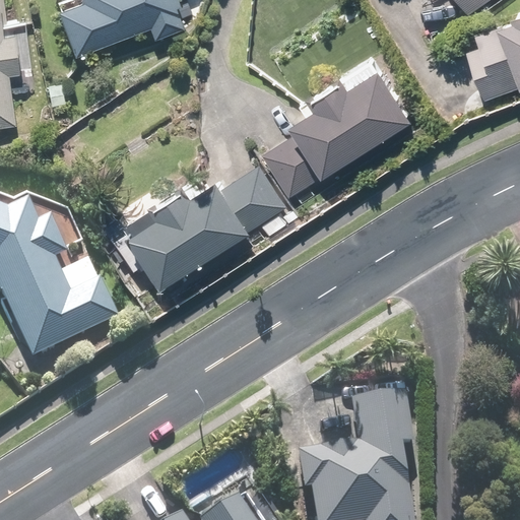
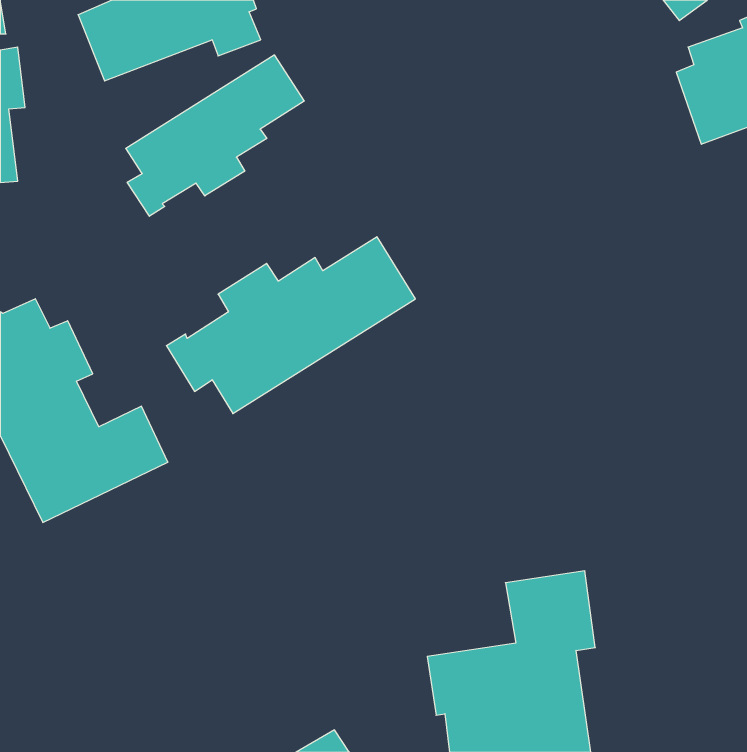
building: none -> [126,55,304,216]
building: [266,66,415,196] -> none

